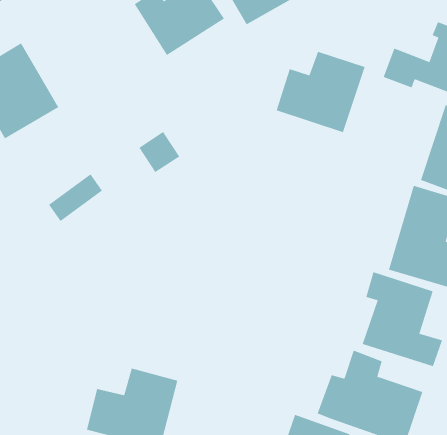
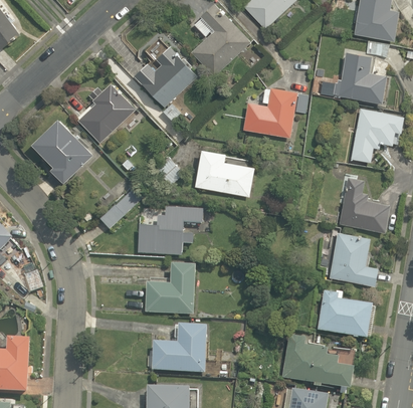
building: none -> [77,80,138,143]
building: none -> [194,149,255,196]
building: none -> [135,205,200,257]
building: none -> [143,261,196,316]

